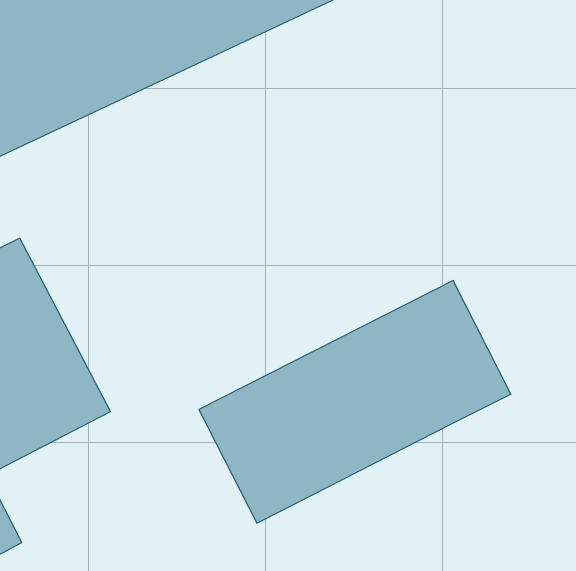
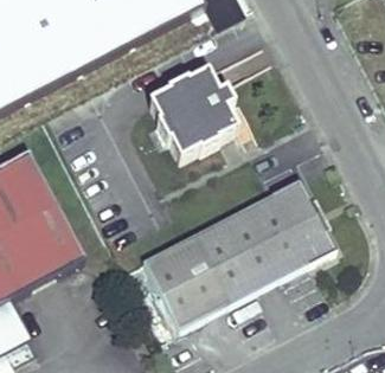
building: none -> [149,67,239,157]

